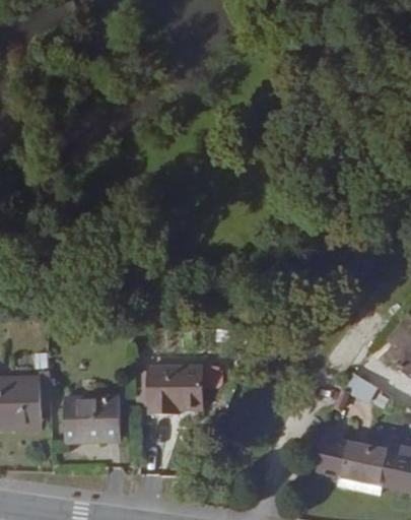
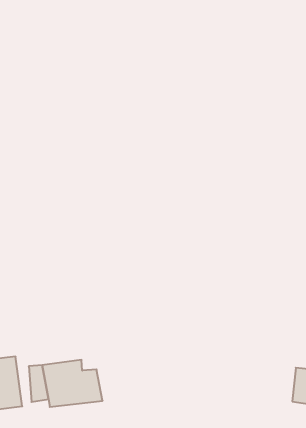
building: [150,366,213,411] -> none

